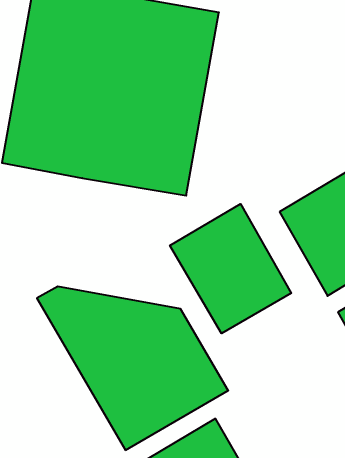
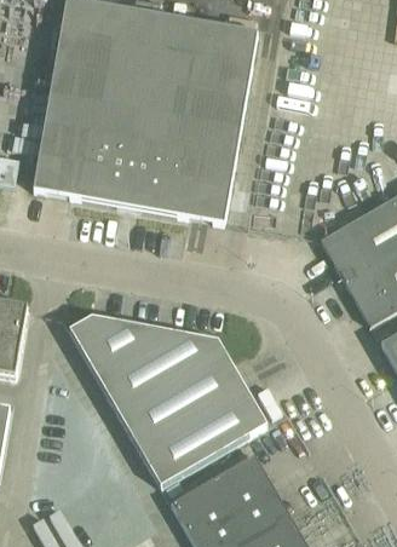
building: [170,204,291,333] -> none

